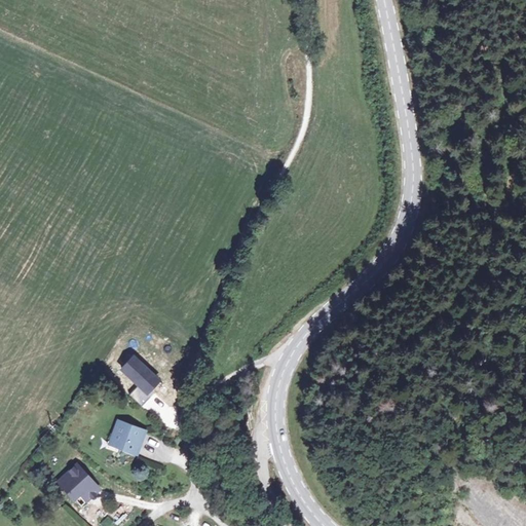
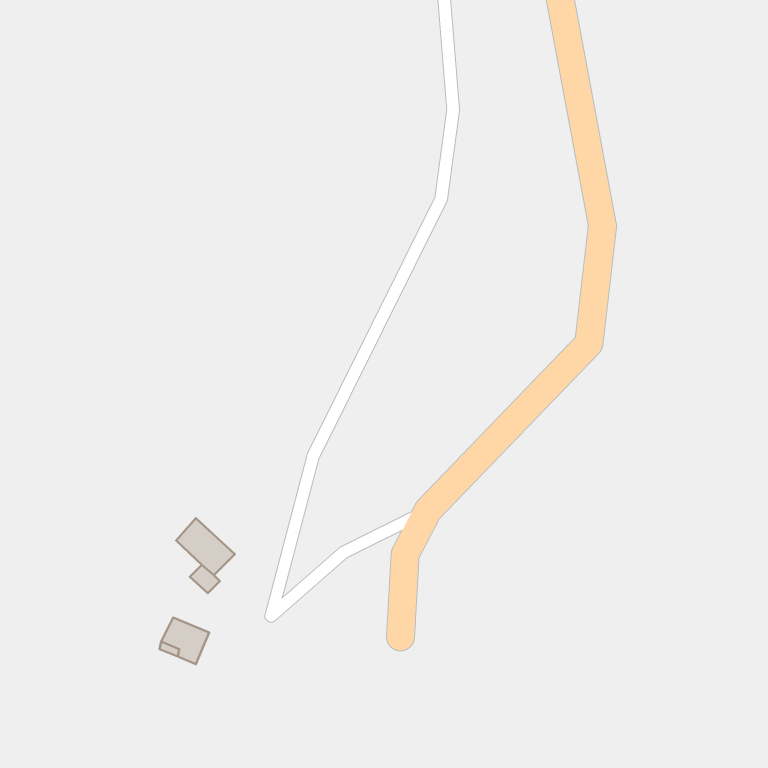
building: [62,467,99,502] -> none

